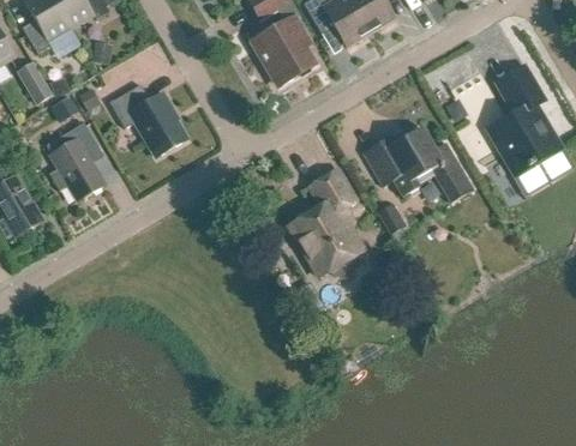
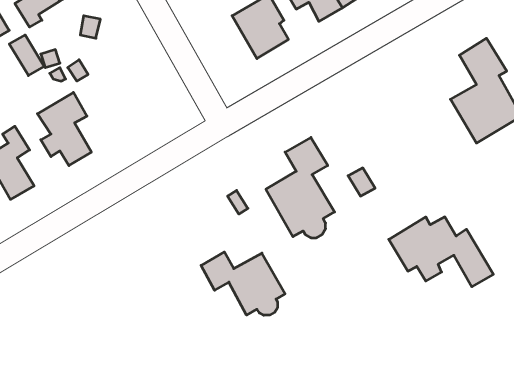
building: [109,83,187,156] -> none
building: [362,127,474,201] -> [389,217,493,287]
building: none -> [201,252,285,315]

